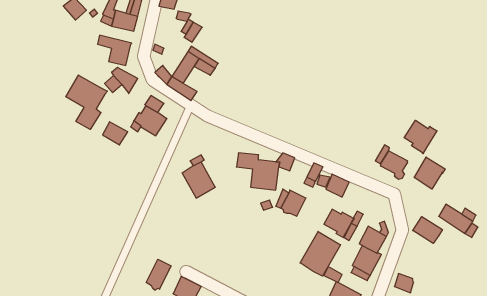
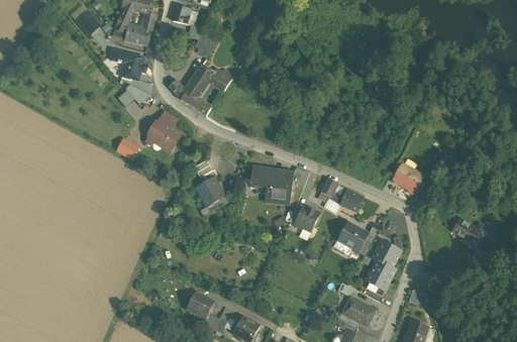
building: [66,75,107,129] -> none
building: [404,120,437,154] -> none
building: [414,157,445,189] -> none
building: [413,217,442,243] -> none
building: [300,231,341,276] -> none
building: [146,259,171,290] -> none

